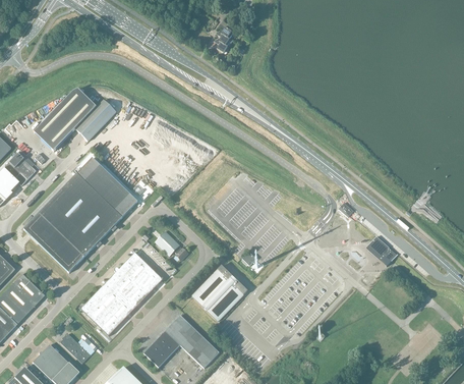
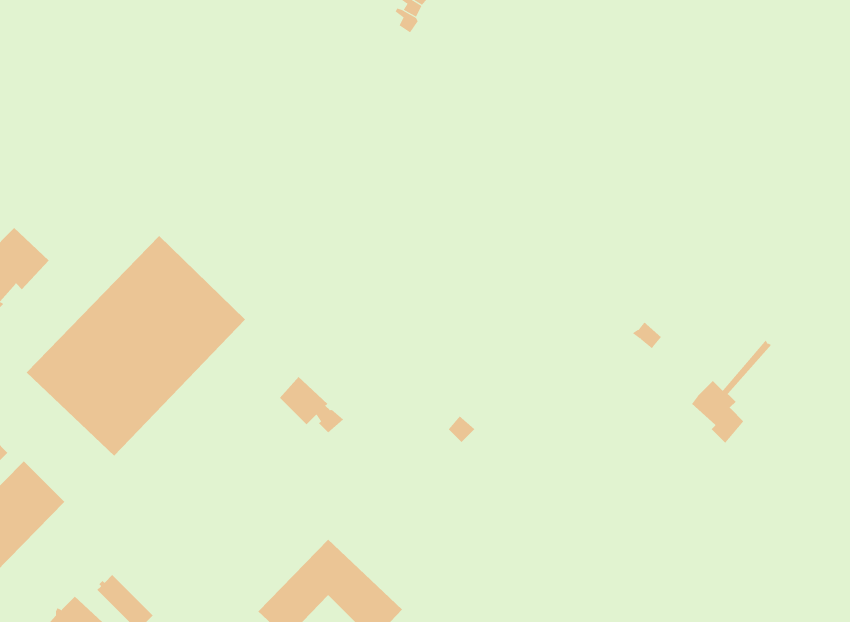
building: [34,89,116,151] -> none
building: [80,252,163,335] -> none
building: [192,265,247,321] -> none

